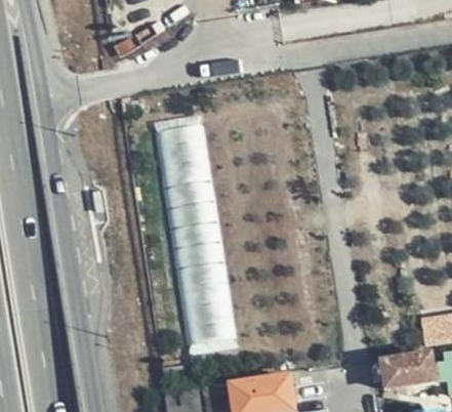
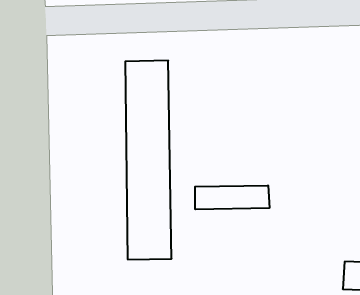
building: none -> [195,185,269,209]

